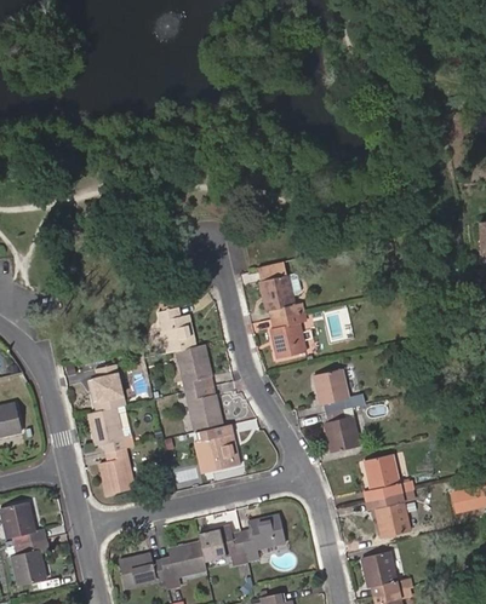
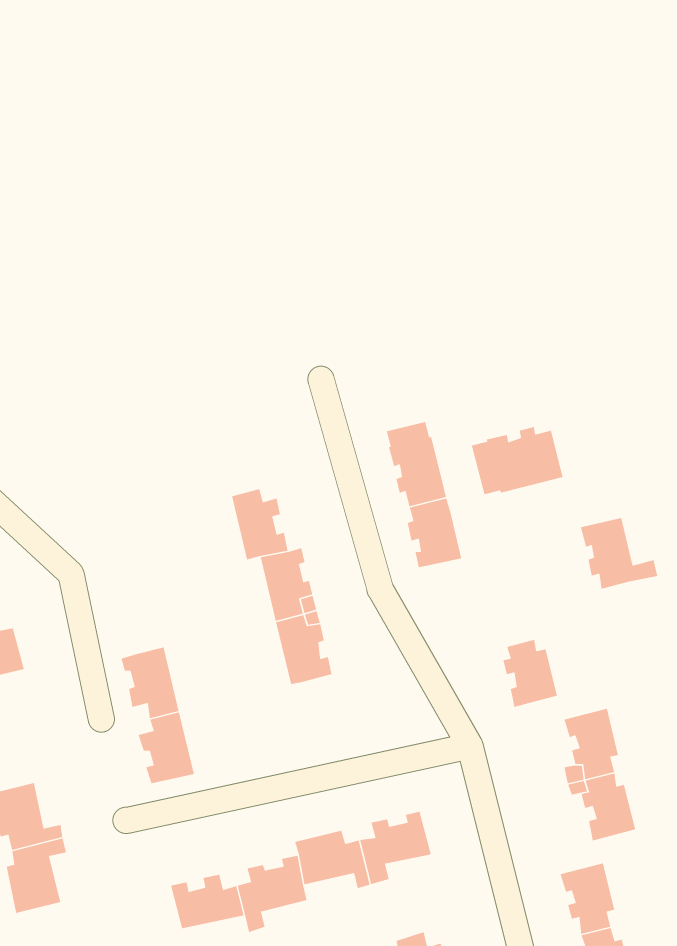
building: none -> [471,426,564,495]
building: [316,367,366,413] -> [580,517,658,590]
building: [86,369,121,418] -> none
building: [193,428,238,476] -> none

